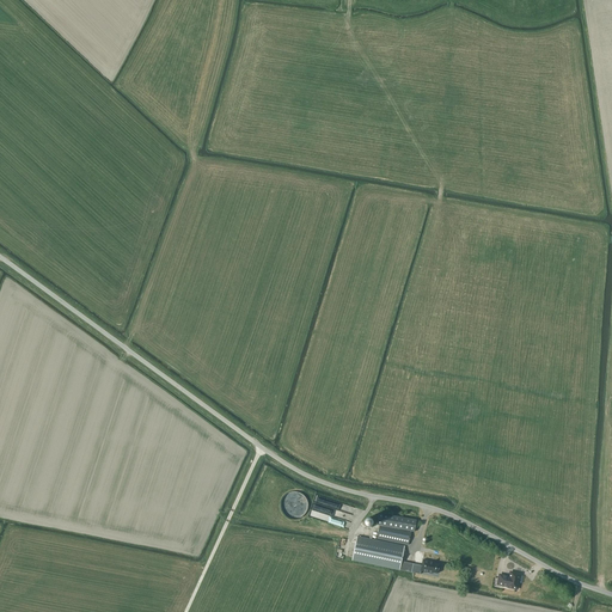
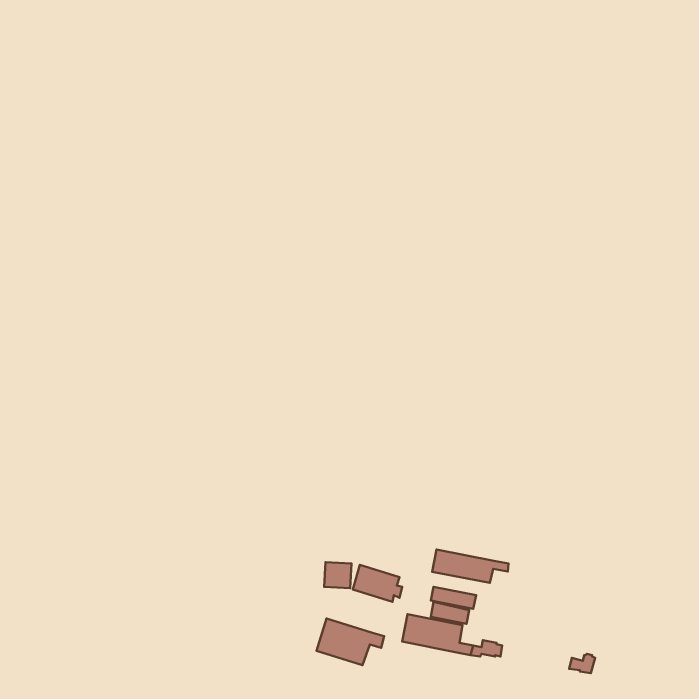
building: none -> [432,550,508,583]
building: none -> [316,618,384,665]

